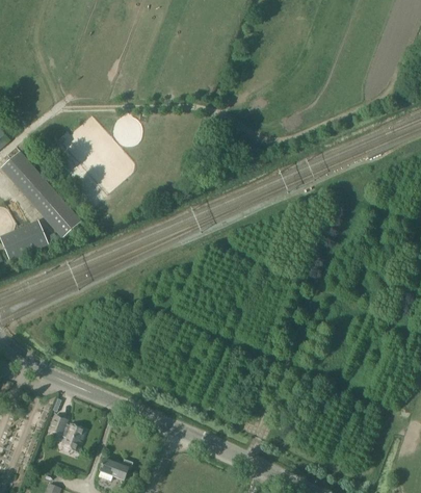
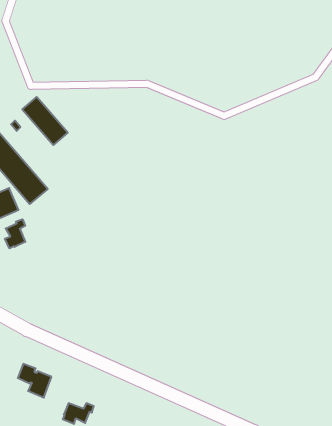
building: none -> [22,97,68,145]
building: none -> [5,219,25,248]

